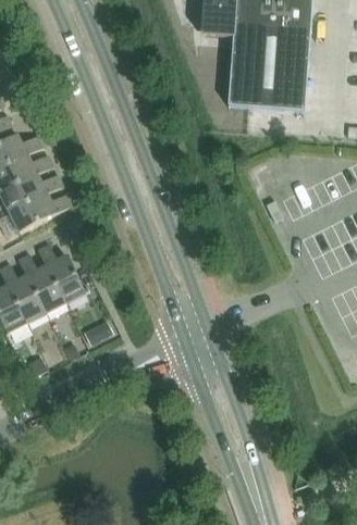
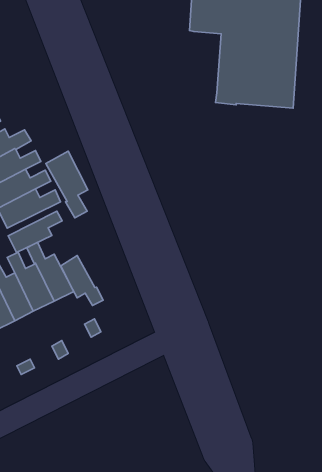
building: none -> [46,151,88,218]
building: none -> [8,211,62,253]
building: none -> [61,256,103,305]

